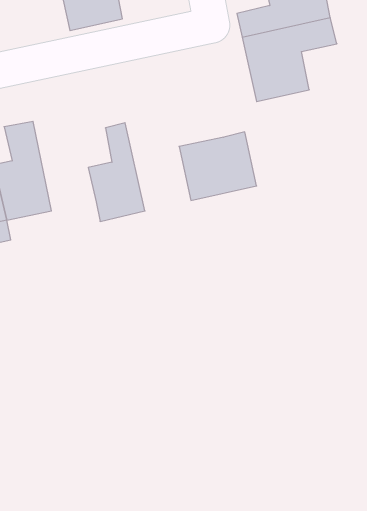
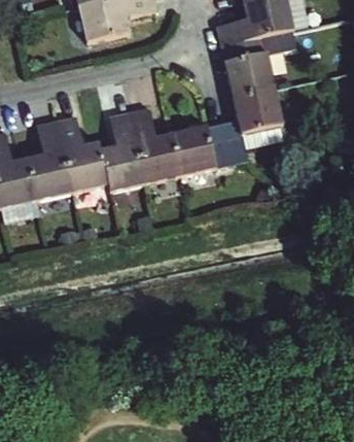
building: none -> [224,90,281,165]
building: none -> [59,110,108,184]
building: none -> [131,111,182,184]

